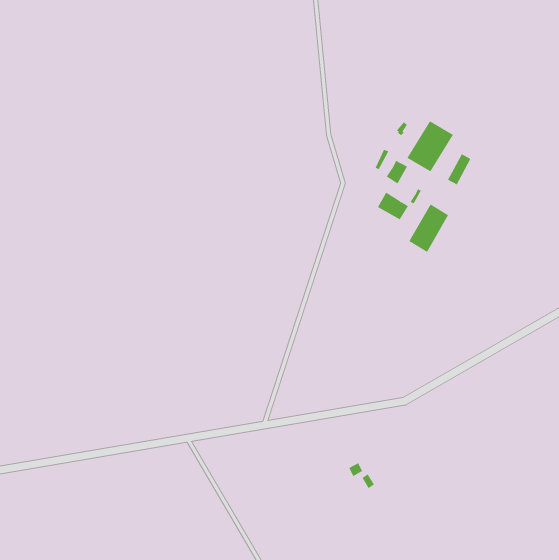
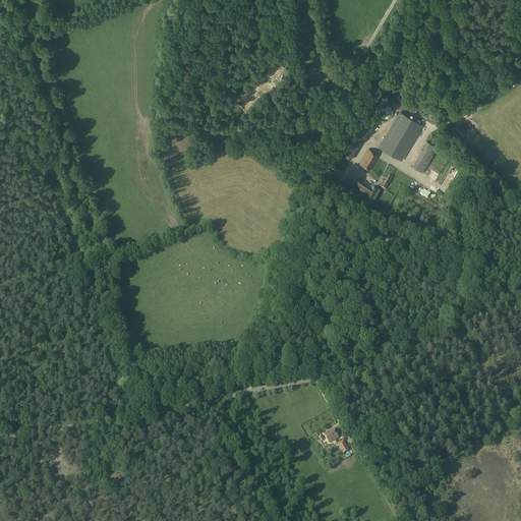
building: [409,204,449,253] -> none

